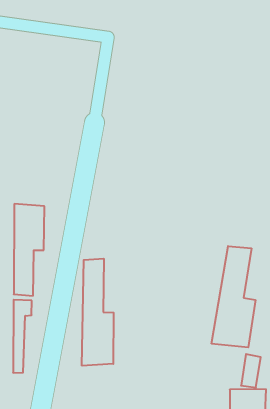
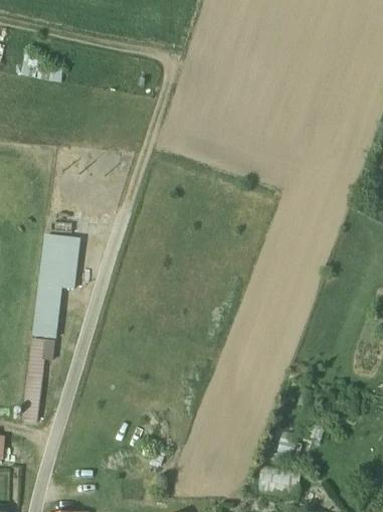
building: [212,246,255,347] -> none
building: [82,259,114,366] -> none

